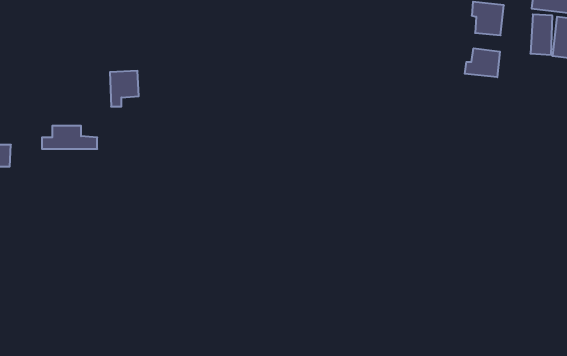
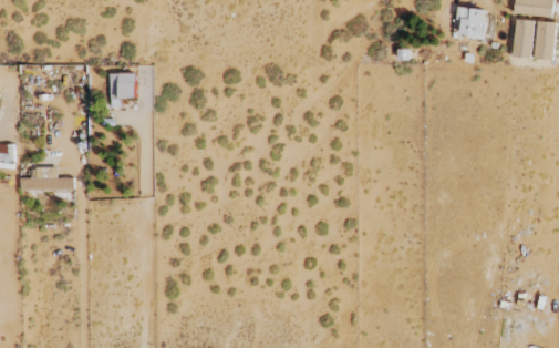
building: [465,48,500,77] -> none
building: [42,126,97,149] -> [20,167,73,190]

